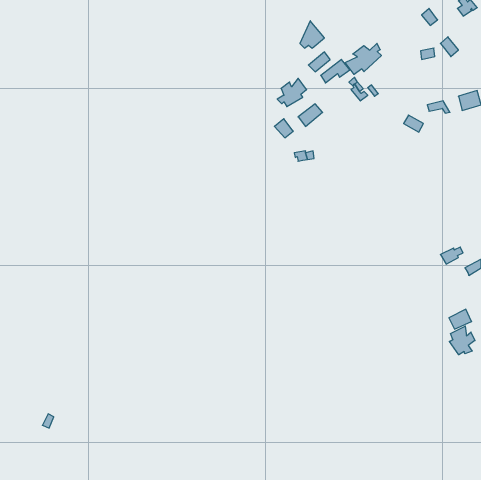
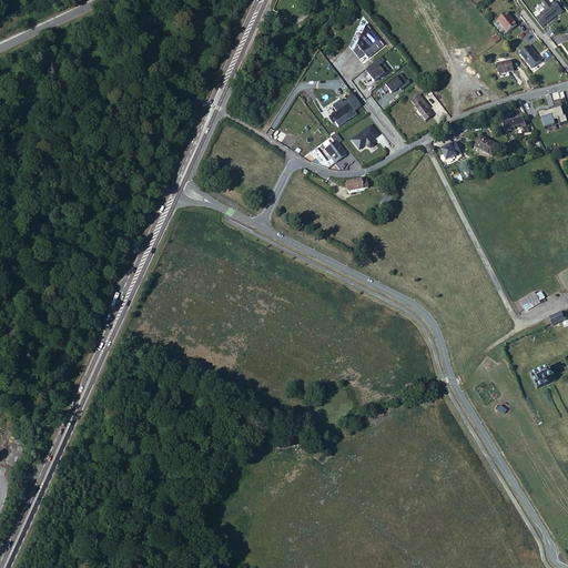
building: [345,43,381,74] -> none
building: [449,326,475,355] -> none

